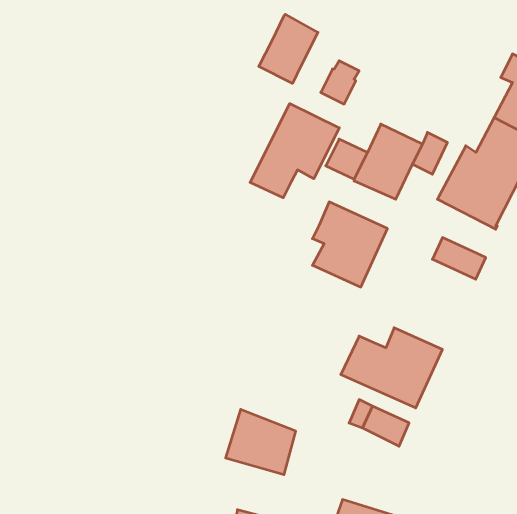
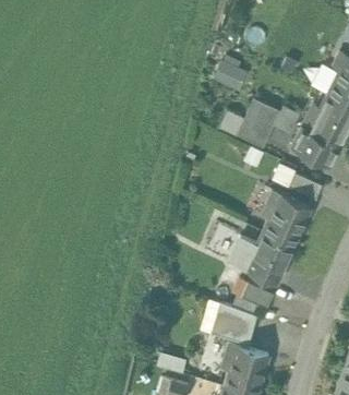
building: [259,14,318,83] -> none
building: [250,104,339,198] -> none
building: [312,202,387,287] -> [263,191,312,247]
building: [226,409,296,475] -> [210,303,256,346]

